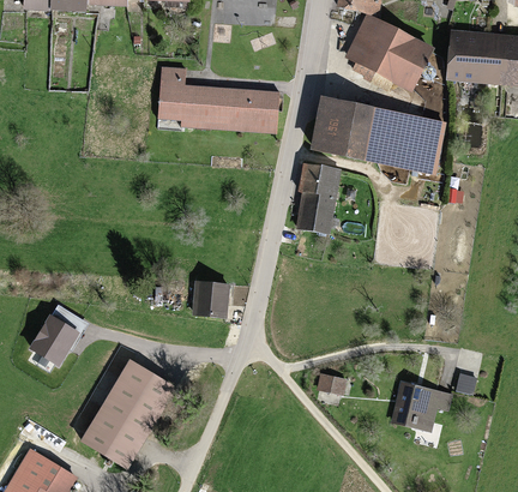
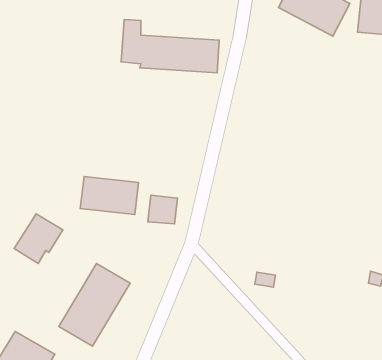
building: [317,96,447,170] -> none
building: [295,163,337,232] -> none
building: none -> [80,176,139,214]
building: [394,380,452,426] -> none

